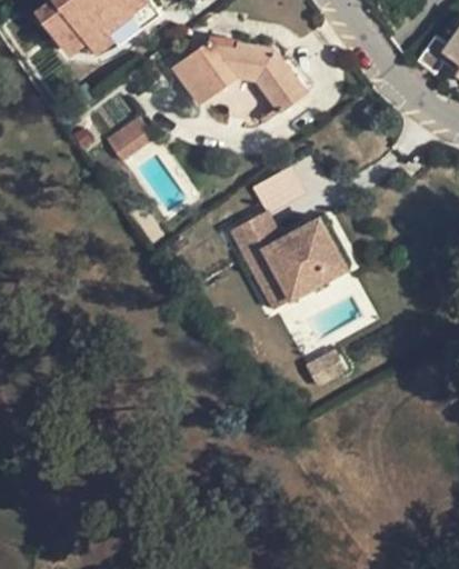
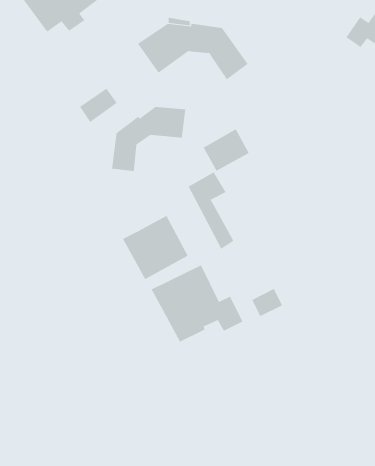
building: none -> [112,106,186,172]
building: [262,221,340,297] -> [122,215,189,280]
building: none -> [151,265,243,343]

